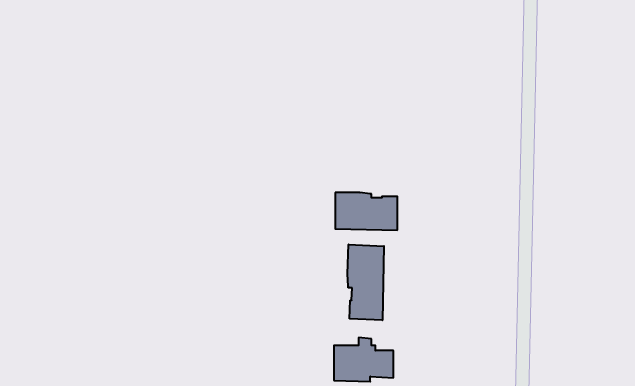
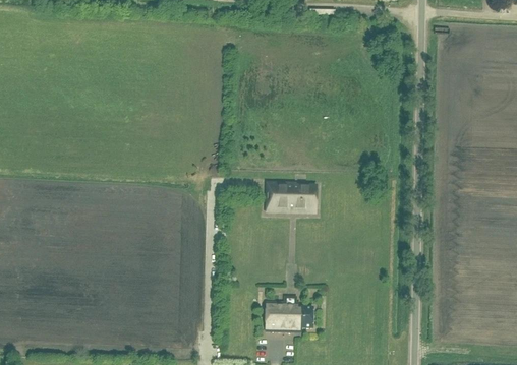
building: [347,244,384,320] -> none

